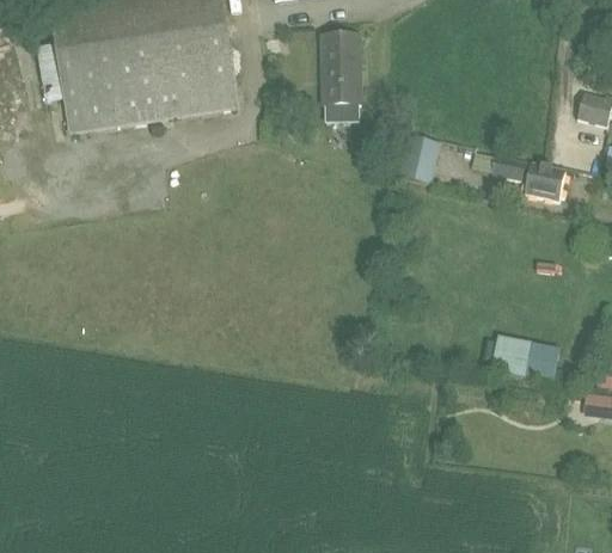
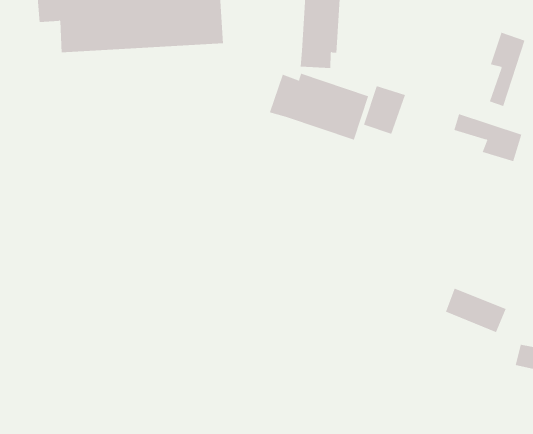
building: none -> [489,32,525,107]
building: none -> [269,73,369,140]

